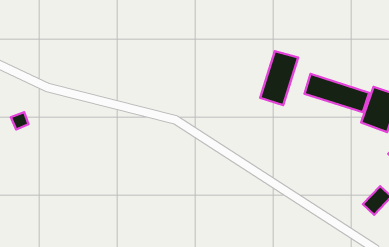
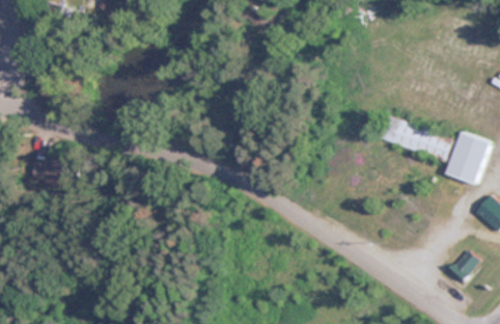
building: [260,51,298,105] -> none

